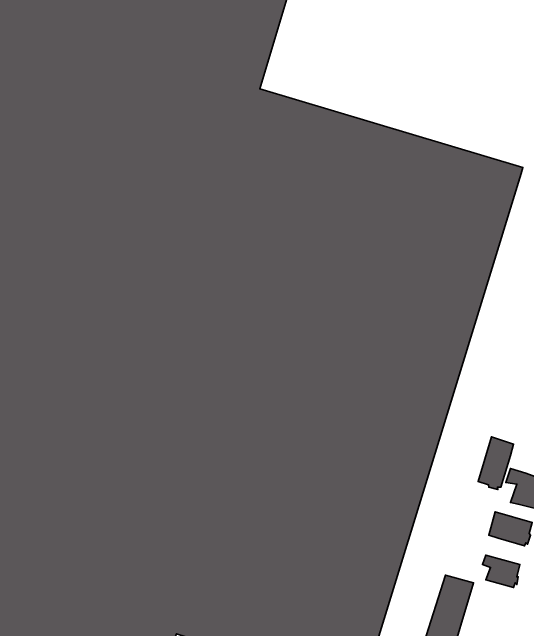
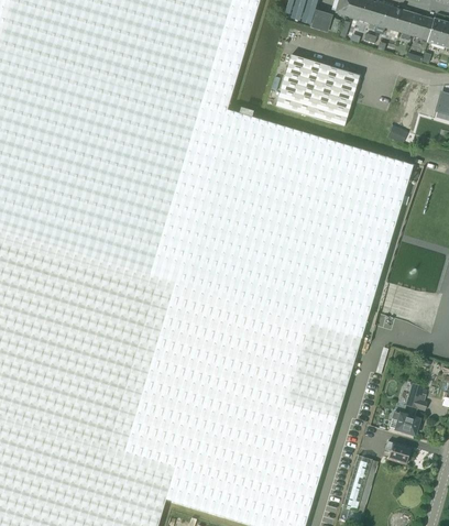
building: none -> [275,56,359,128]
building: [478,437,514,490] -> none

